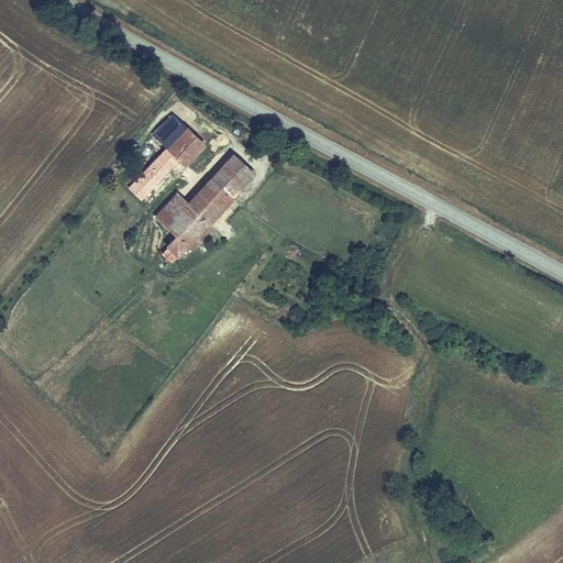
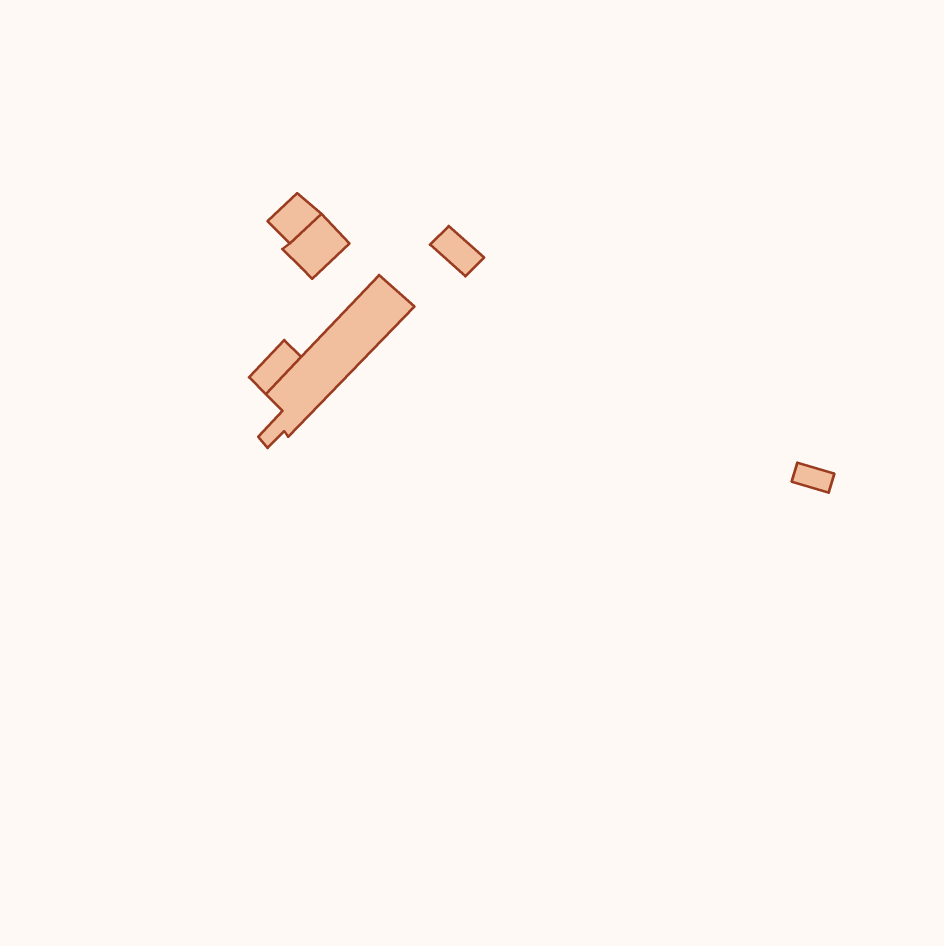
building: [135,150,178,192] -> none
building: [224,154,256,184] -> [430,226,484,276]

